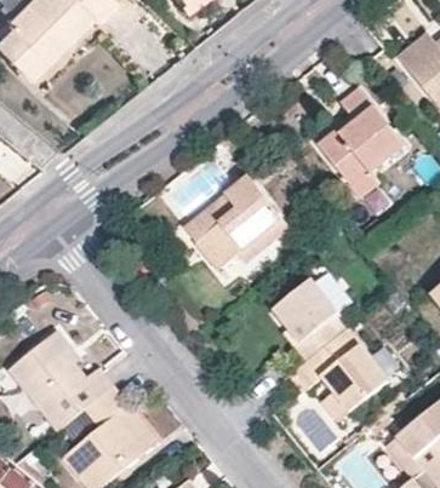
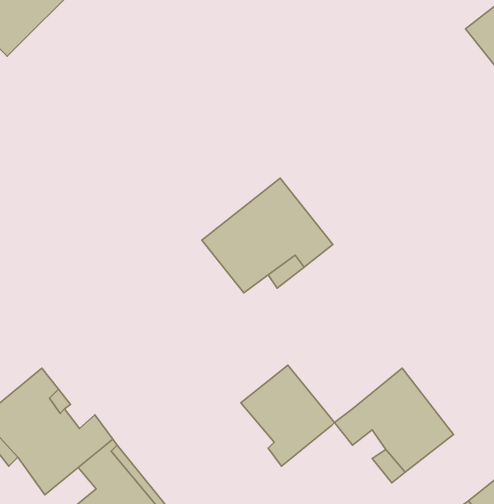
building: [319,88,405,200] -> none
building: [274,281,349,362] -> [241,365,334,466]

